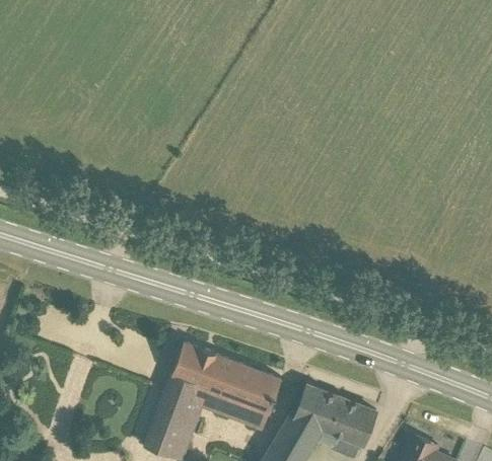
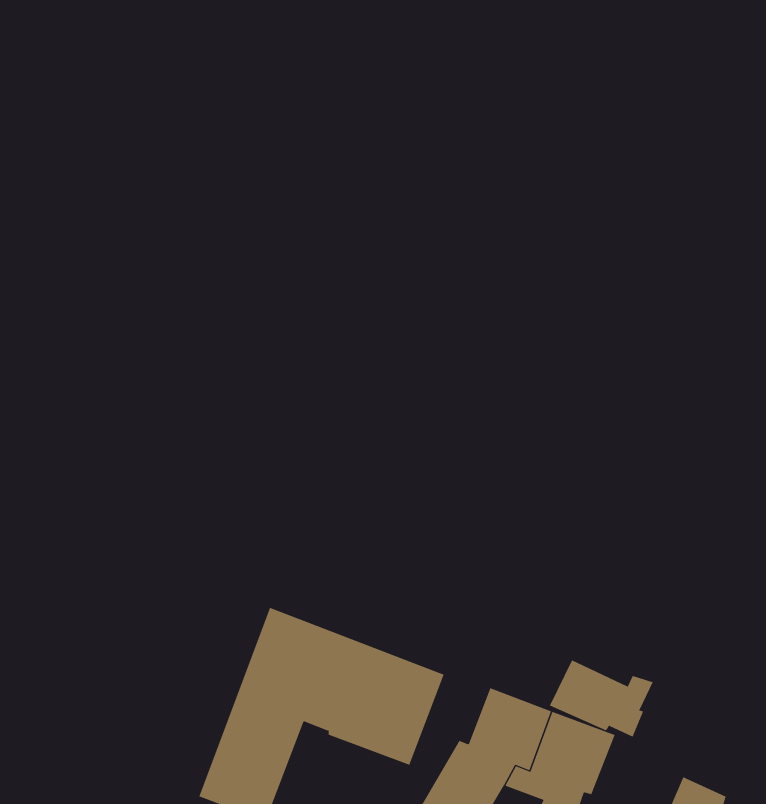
building: none -> [549,660,653,738]

